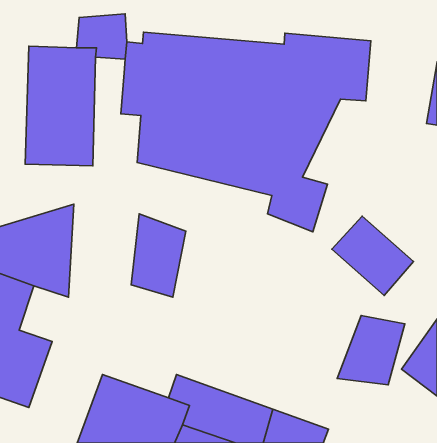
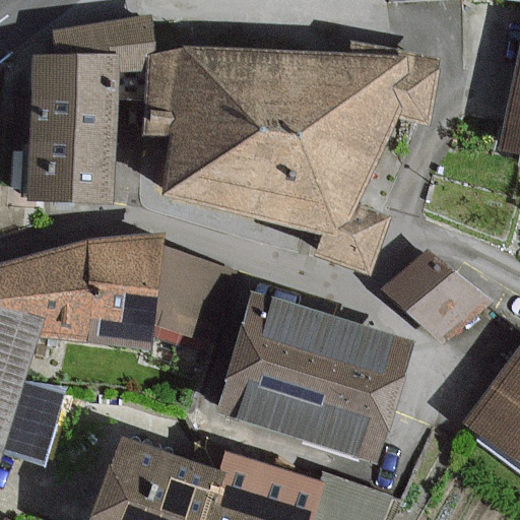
building: none -> [80,237,164,358]
building: none -> [215,300,404,461]
building: [337,316,405,385] -> none

